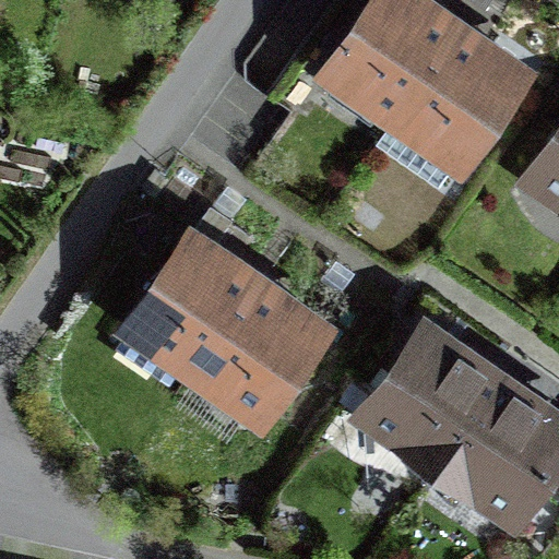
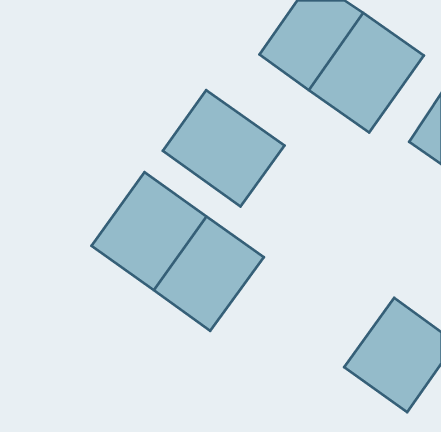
building: none -> [163,90,285,207]
building: [355,330,499,476] -> none

